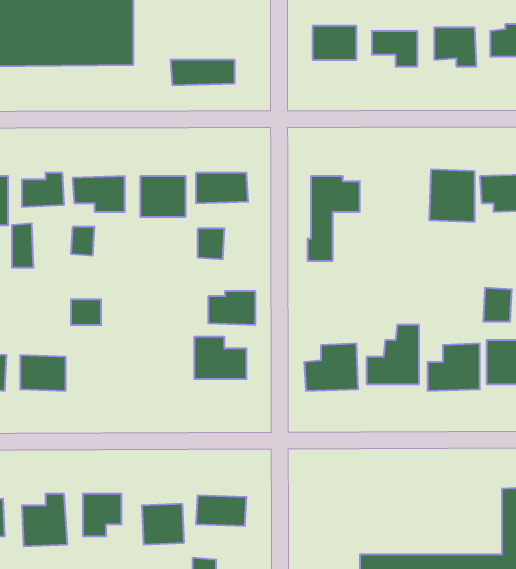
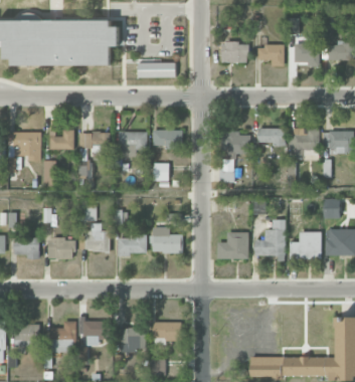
building: none -> [256,128,284,146]
building: [208,291,255,325] -> [118,234,146,254]
building: none -> [84,223,109,251]

